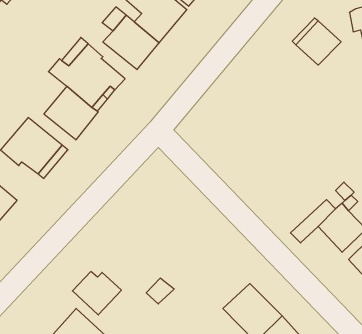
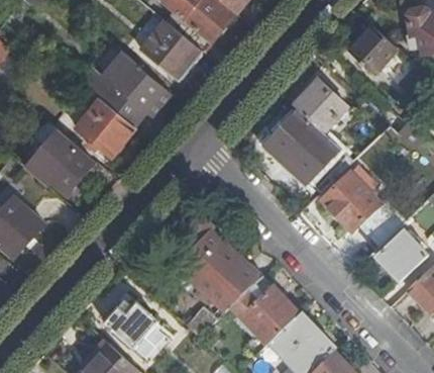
building: none -> [270,79,349,180]
building: none -> [323,173,382,230]
building: none -> [180,211,248,299]
building: none -> [231,276,300,355]

